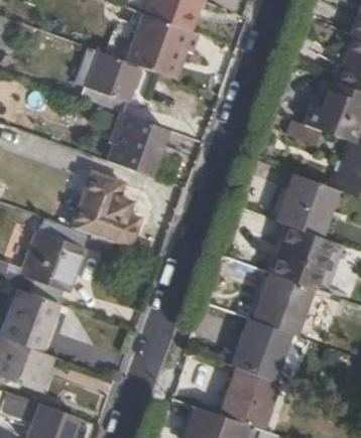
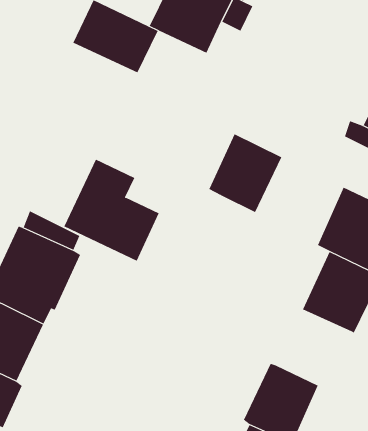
building: [108,114,164,175] -> [208,133,282,213]
building: [253,275,311,335] -> none

